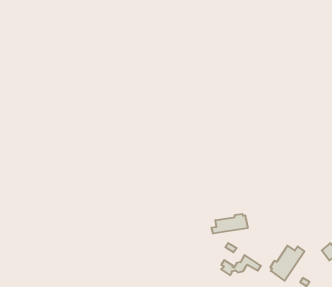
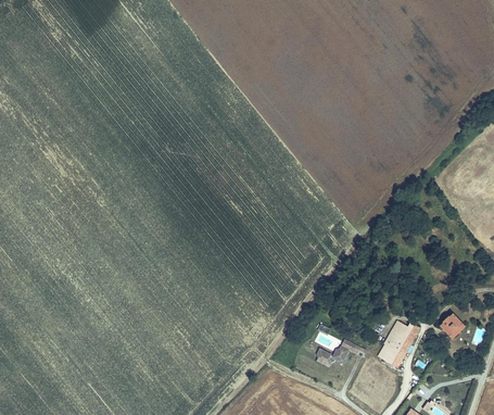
building: [212,214,248,234] -> none

